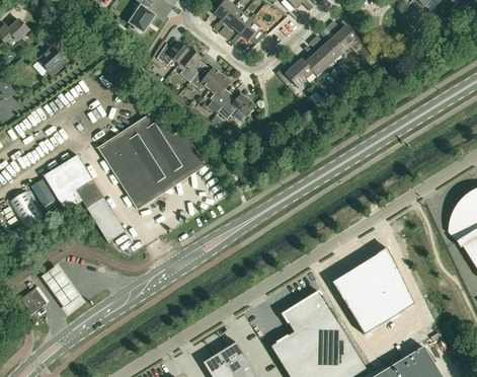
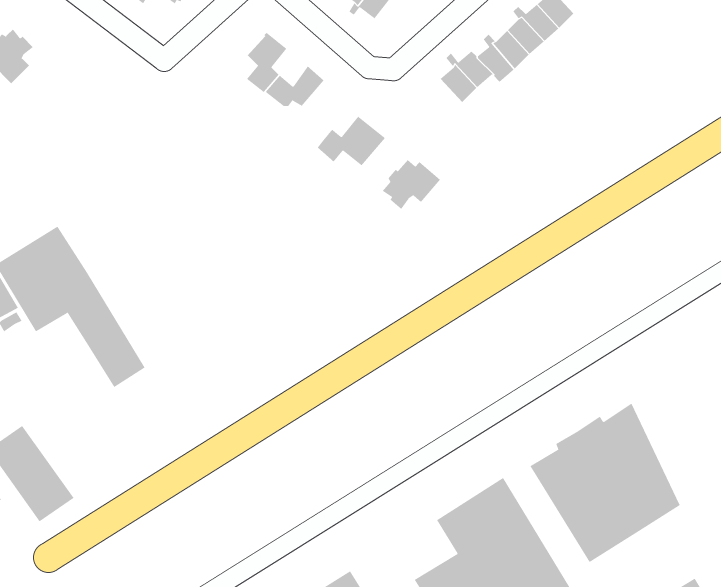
building: [157,42,189,66] -> none
building: [210,75,231,107] -> none
building: [97,108,205,208] -> none
building: none -> [382,159,441,210]

